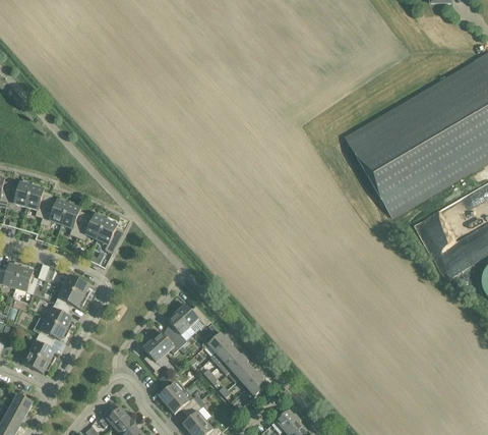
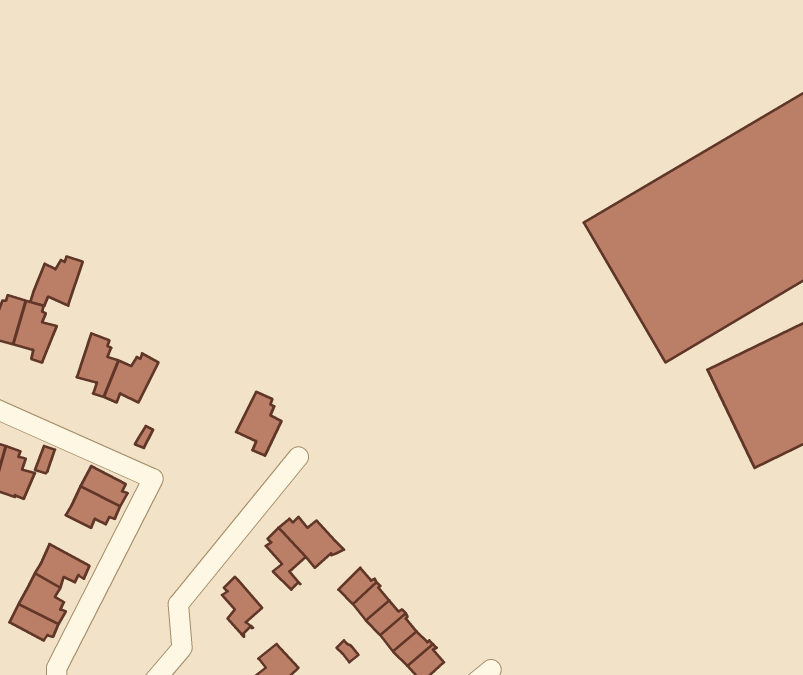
building: [40,198,69,225] -> [30,257,83,306]
building: [96,217,121,253] -> [236,392,281,456]
building: [46,303,72,331] -> none
building: [149,331,181,355] -> none

